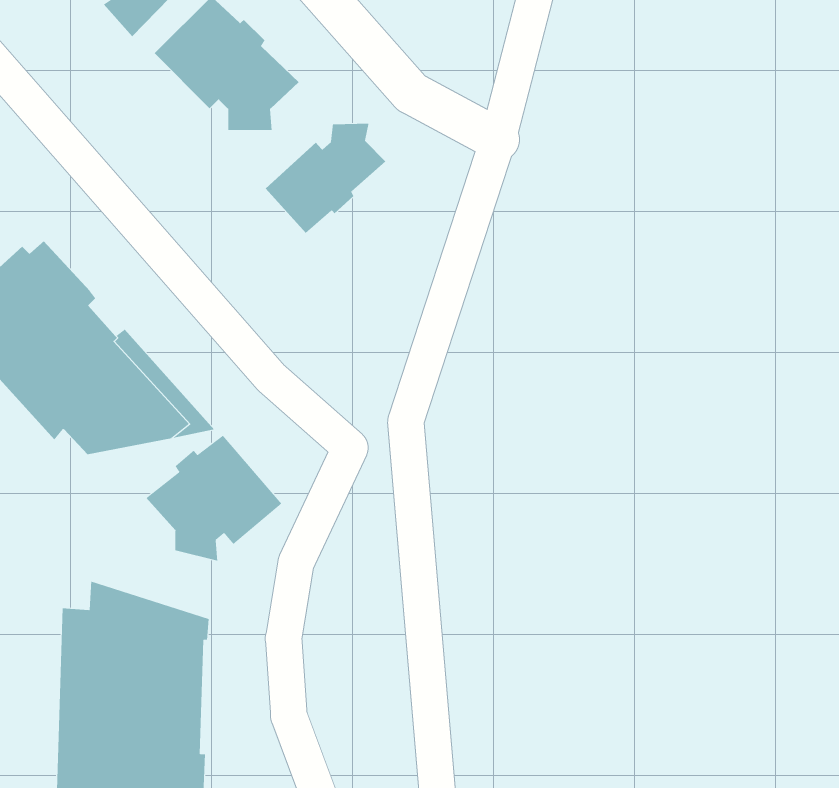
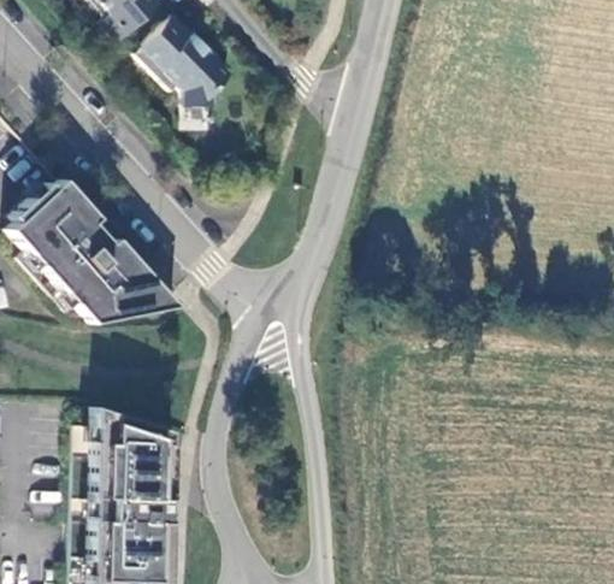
building: [265,123,386,234] -> none
building: [145,435,282,561] -> none

